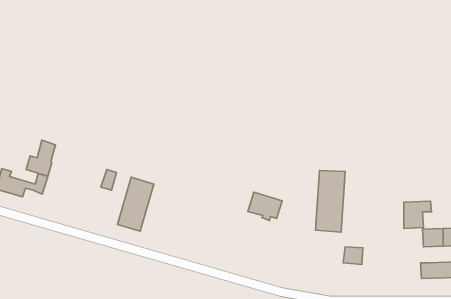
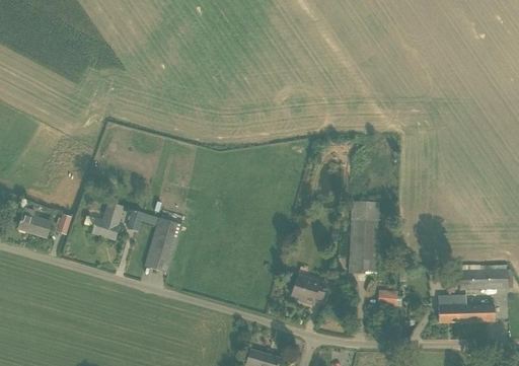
building: [26,140,56,176] -> [91,201,122,238]
building: [248,192,282,220] -> [290,274,325,303]
building: [404,201,431,229] -> [437,293,465,321]

